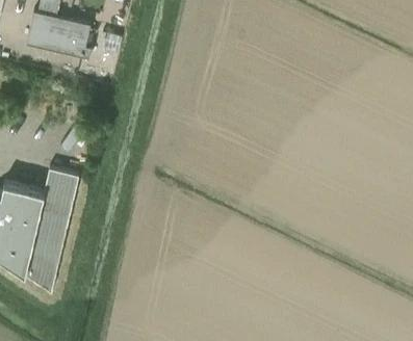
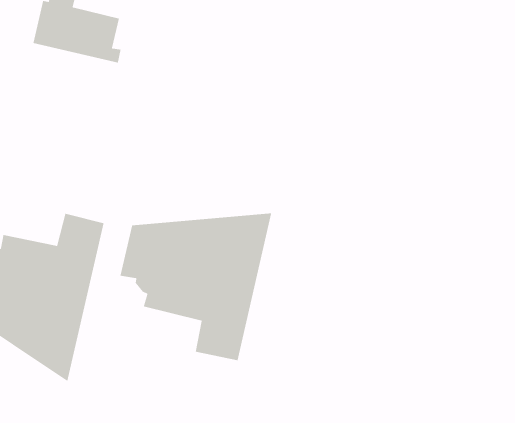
building: none -> [120,212,272,361]

